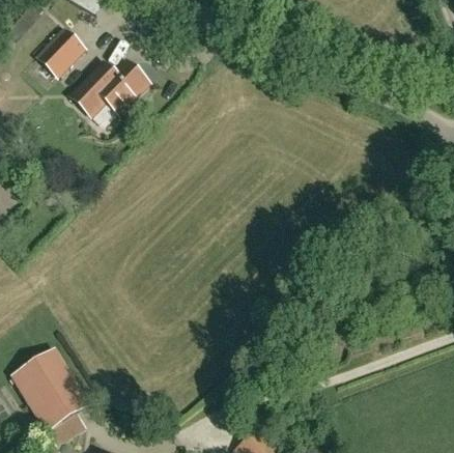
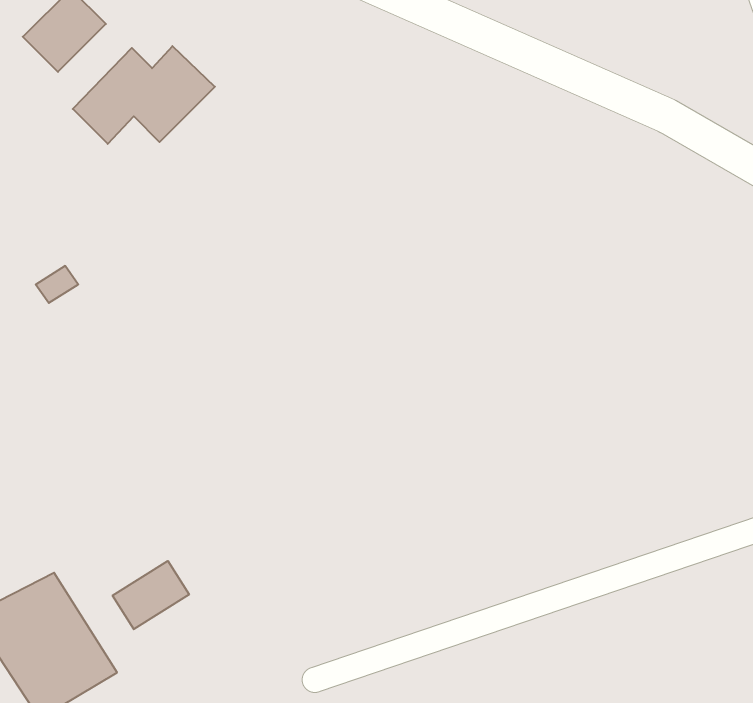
building: none -> [113,561,189,629]

